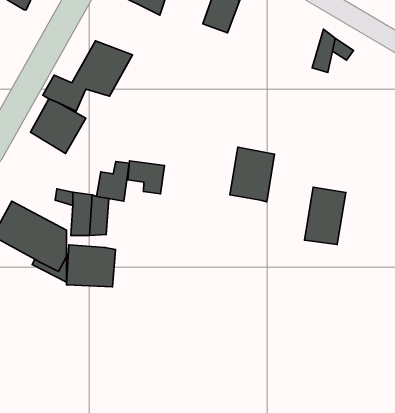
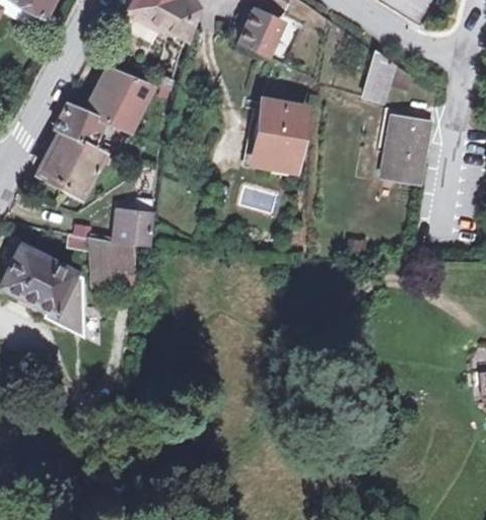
building: [230,147,275,202] -> [255,98,306,160]
building: [128,161,164,194] -> none
building: [304,187,346,245] -> [379,117,427,183]
building: [66,245,116,287] -> none

